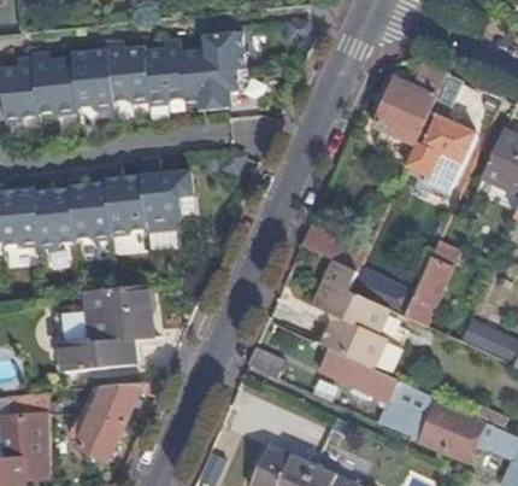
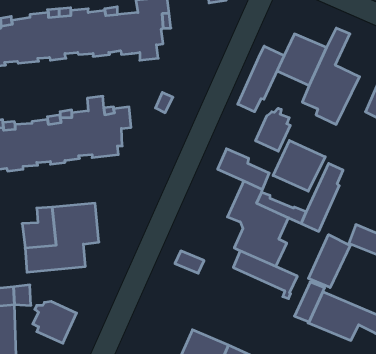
building: none -> [238,46,284,112]
building: none -> [256,108,290,151]
building: none -> [273,140,325,191]
building: none -> [308,235,350,288]
building: [86,381,163,424] -> none

